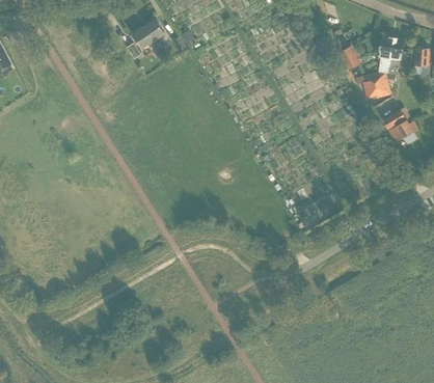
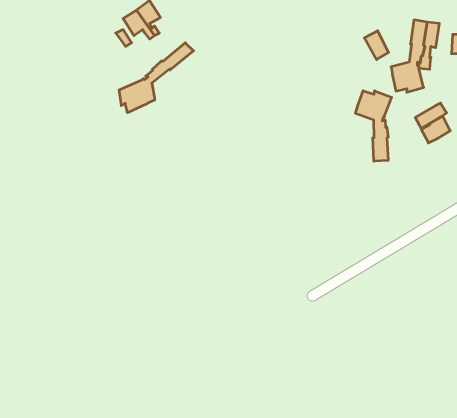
building: none -> [119,43,194,113]
building: none -> [355,91,392,161]

